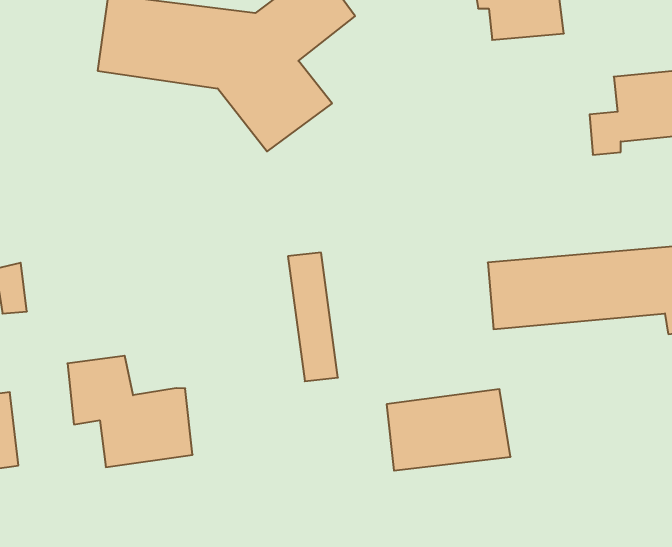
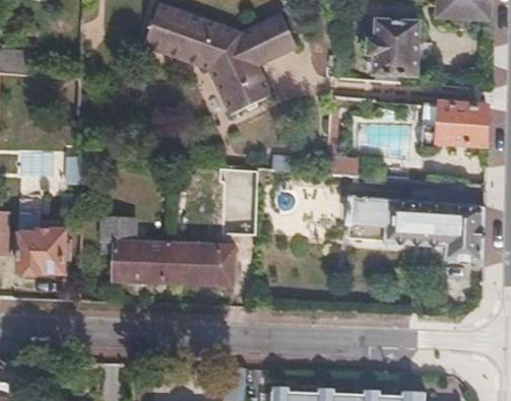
building: [387,389,511,471] -> [164,242,232,283]

